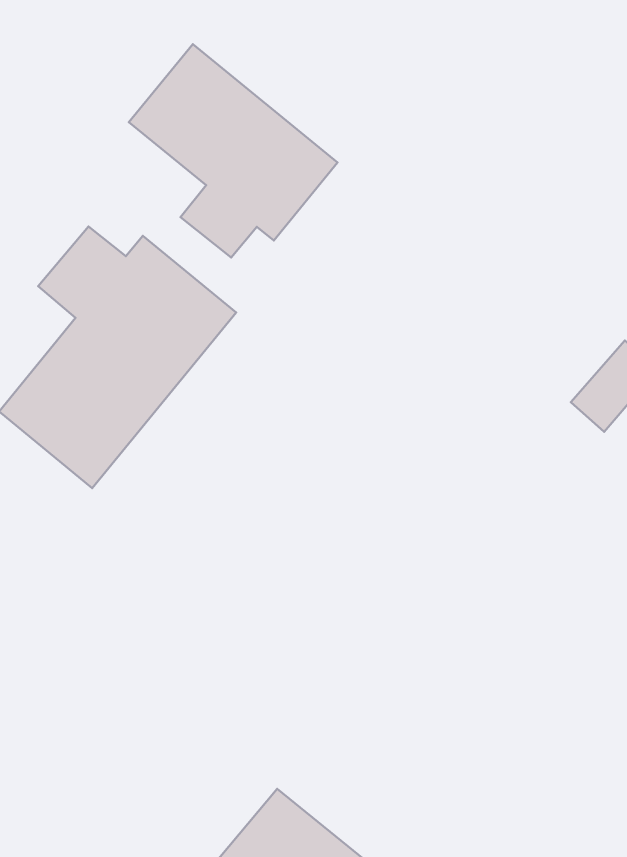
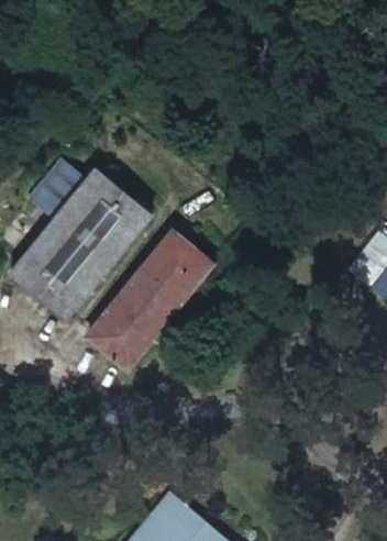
building: [129,44,338,257] -> none
building: none -> [88,231,211,367]

